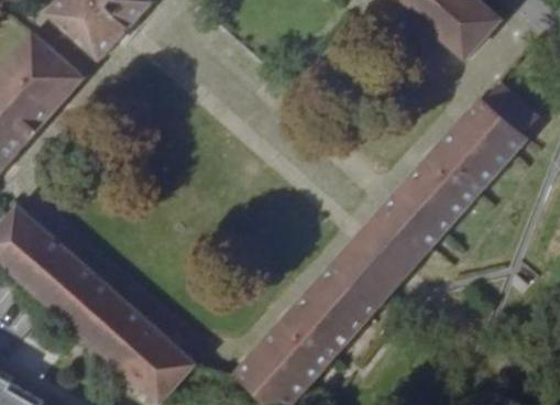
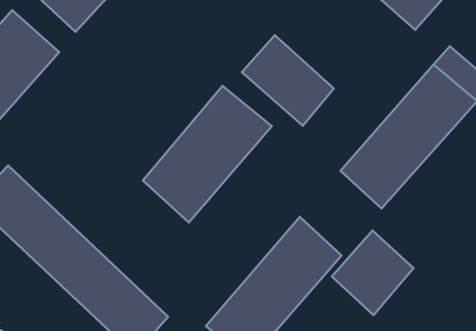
building: none -> [242,35,334,126]
building: none -> [143,86,272,223]
building: [338,210,426,302] -> [332,230,413,315]

